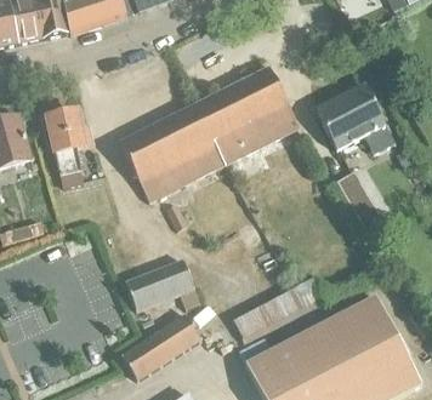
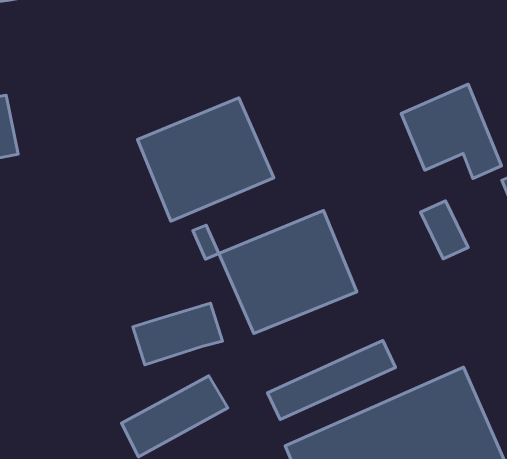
building: [194,67,300,162] -> [219,210,357,333]
building: [47,110,95,173] -> none

